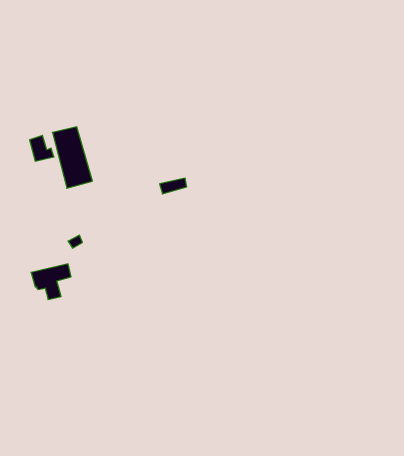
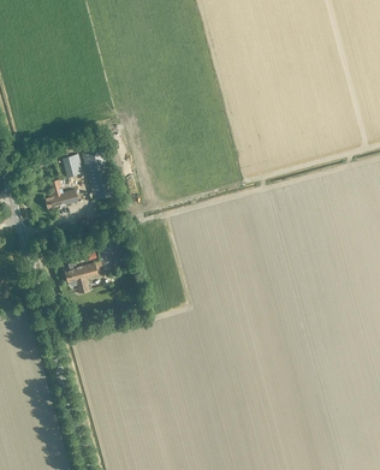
building: none -> [44,179,78,209]

